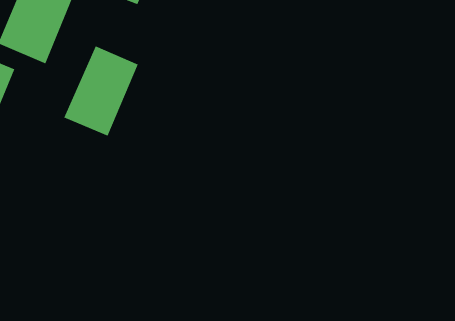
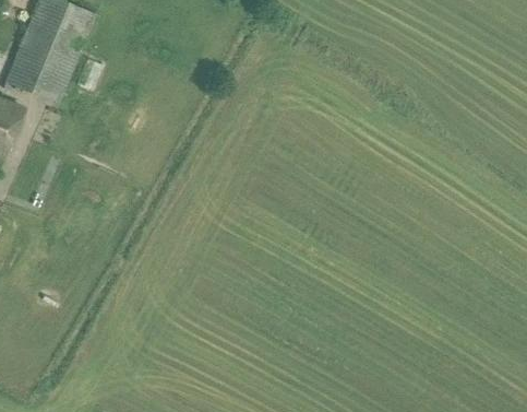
building: [63,46,139,136] -> none

